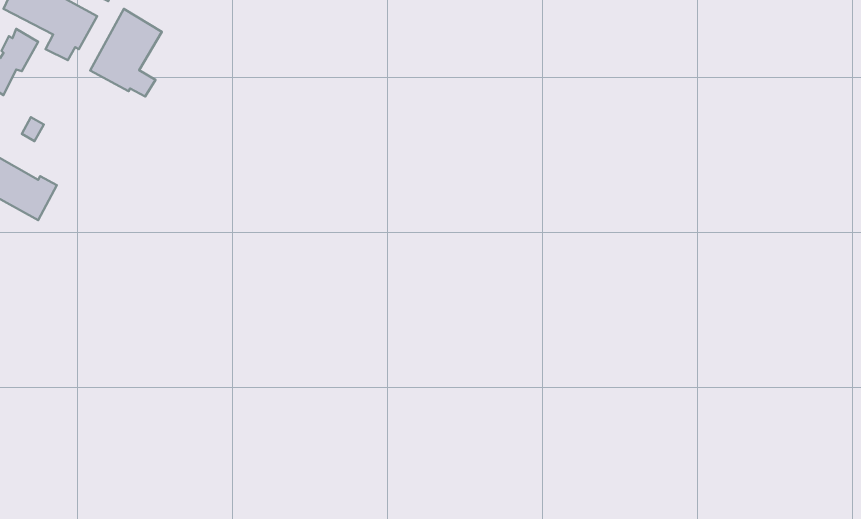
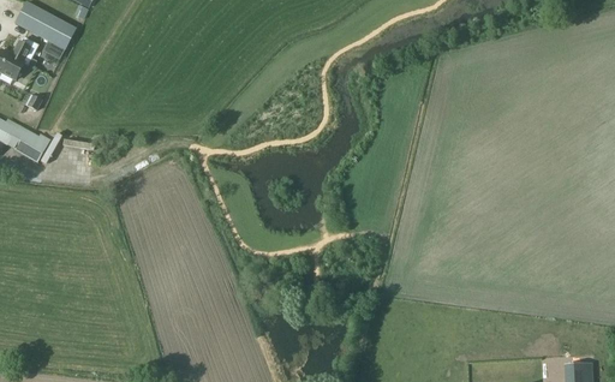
building: [90,9,162,96] -> none

